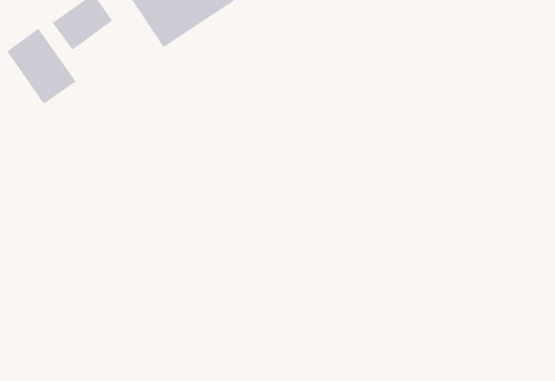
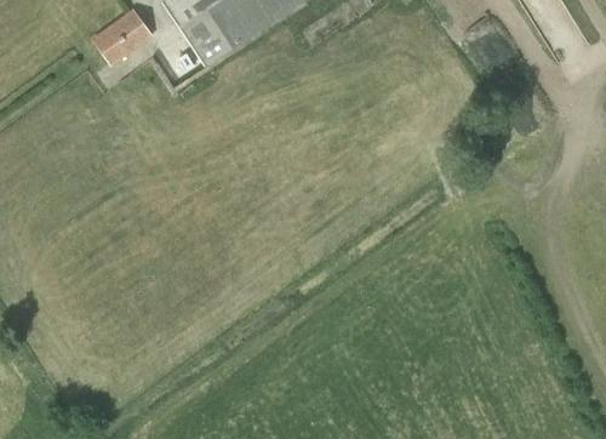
building: [7,28,77,105] -> none

